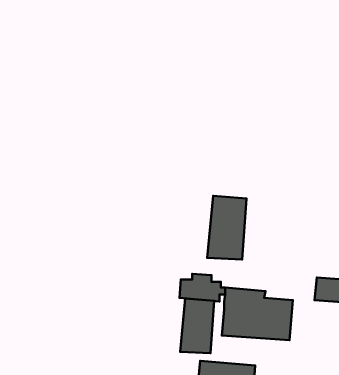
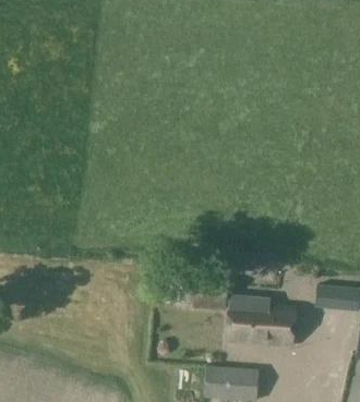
building: [207,196,247,260] -> none
building: [180,298,214,353] -> none

